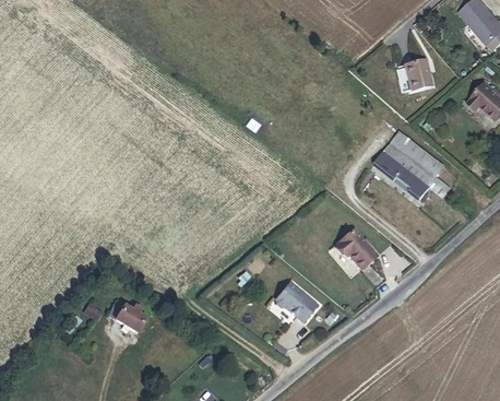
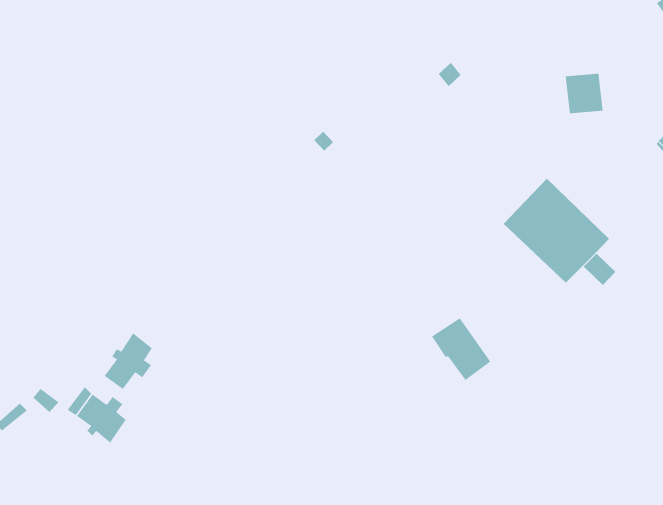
building: none -> [104,333,153,390]
building: [275,282,317,321] -> none

